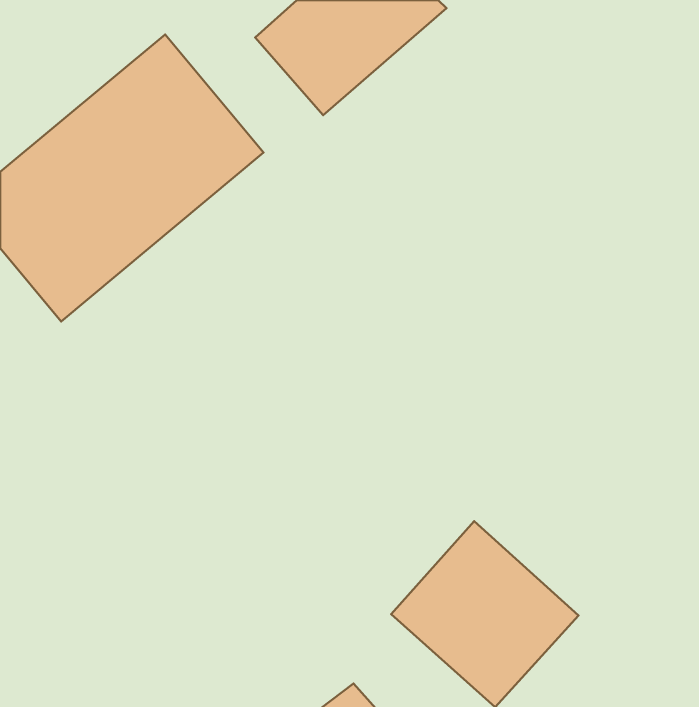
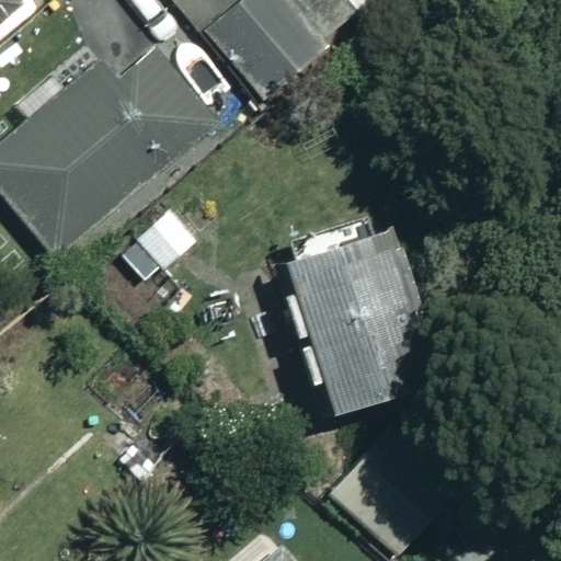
building: none -> [272,216,437,408]

